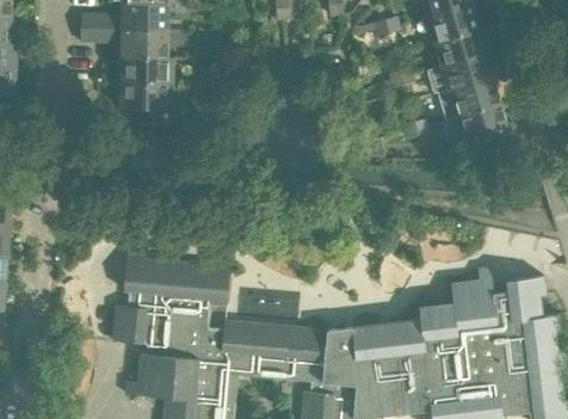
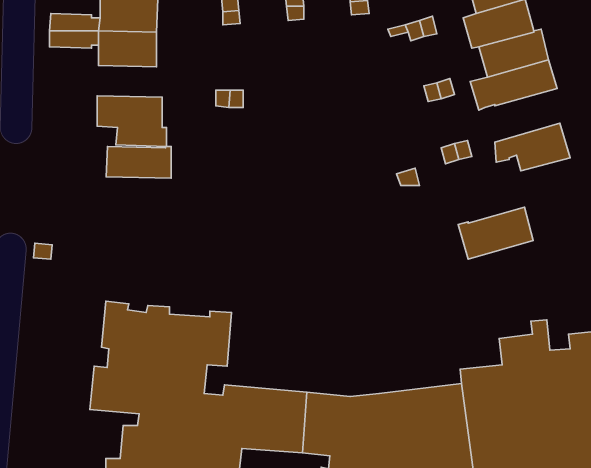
building: [118,57,172,84] -> [106,146,171,178]
building: [438,78,500,121] -> [458,207,533,259]

